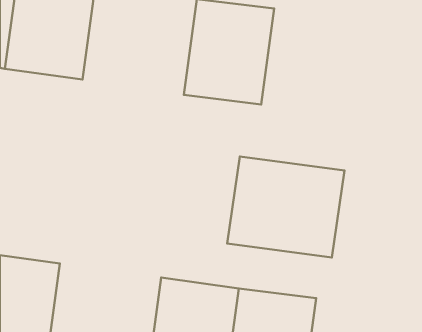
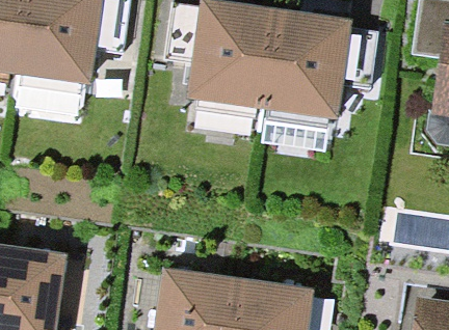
building: none -> [258,9,345,112]
building: [227,156,345,258] -> none

